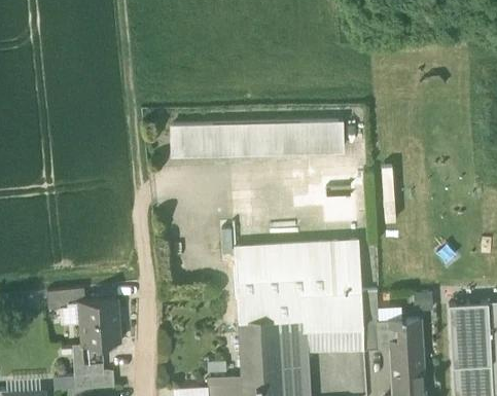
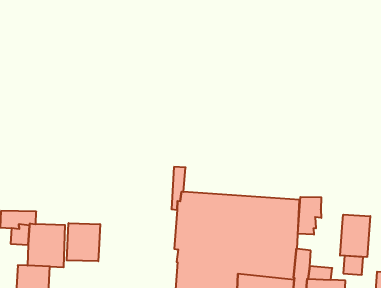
building: [175,122,342,155] -> none
building: none -> [298,197,321,235]
building: none -> [340,215,370,257]
building: none -> [67,223,100,261]

